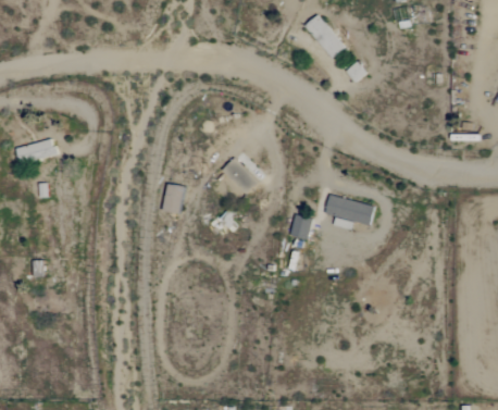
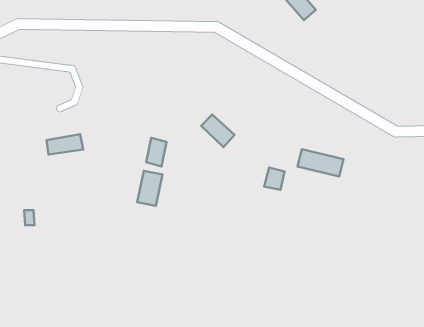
building: [16,140,55,162] -> [47,134,83,155]
building: none -> [137,171,163,206]

